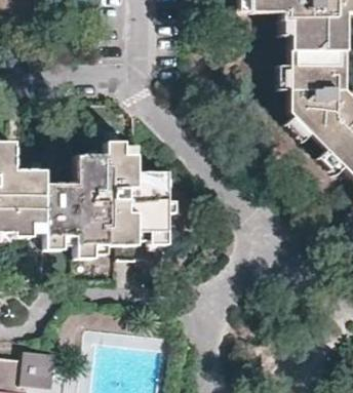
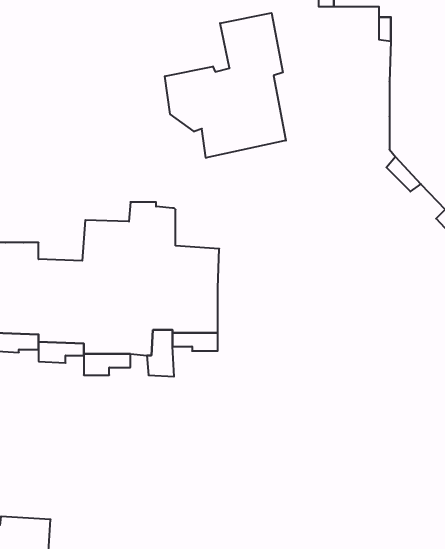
building: none -> [165,13,286,158]

